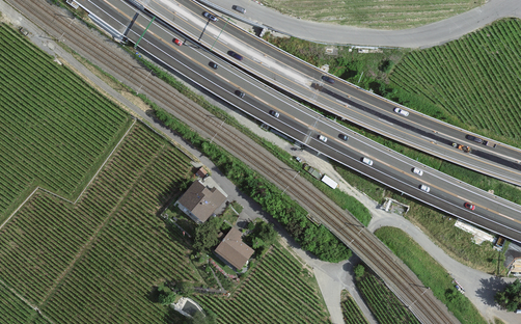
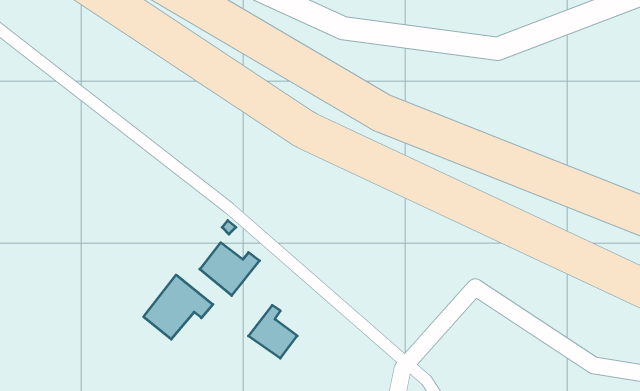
building: none -> [144,275,213,339]

